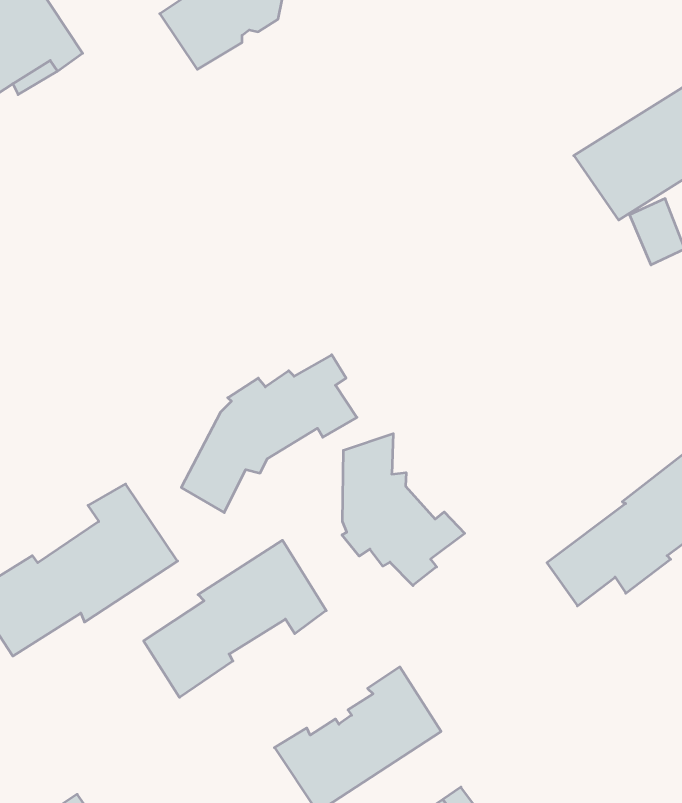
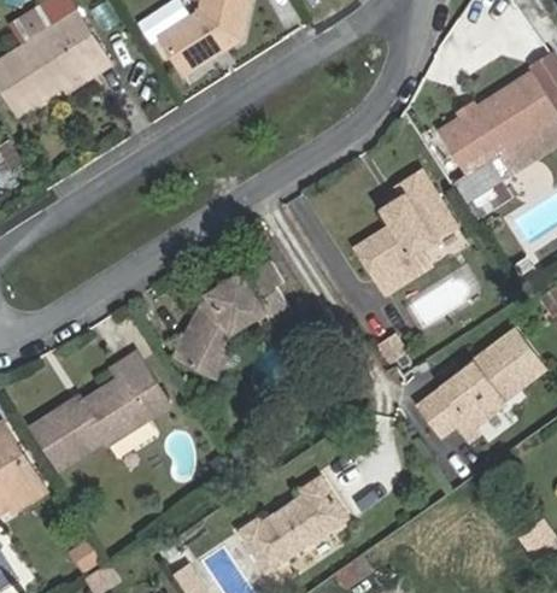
building: none -> [357,172,457,292]
building: [342,434,465,586] -> none
building: [144,540,326,697] -> none

